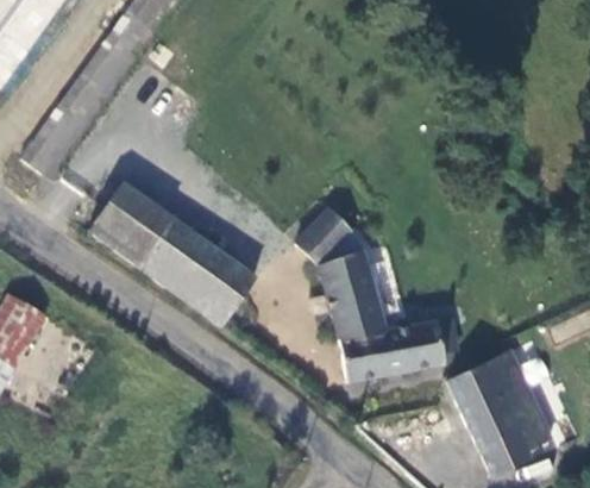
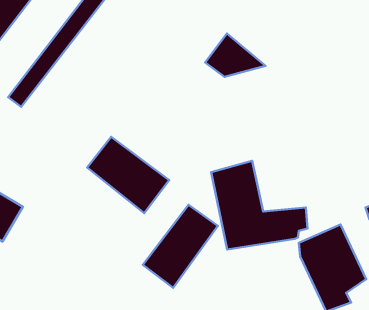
building: [92,183,172,262] -> none
building: [291,205,381,269] -> [205,33,265,77]
building: none -> [143,205,218,288]

